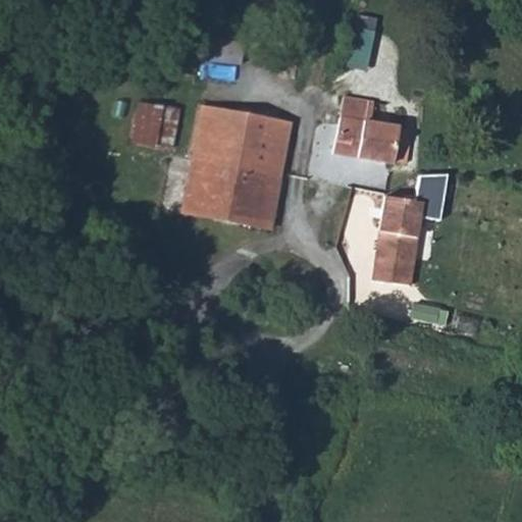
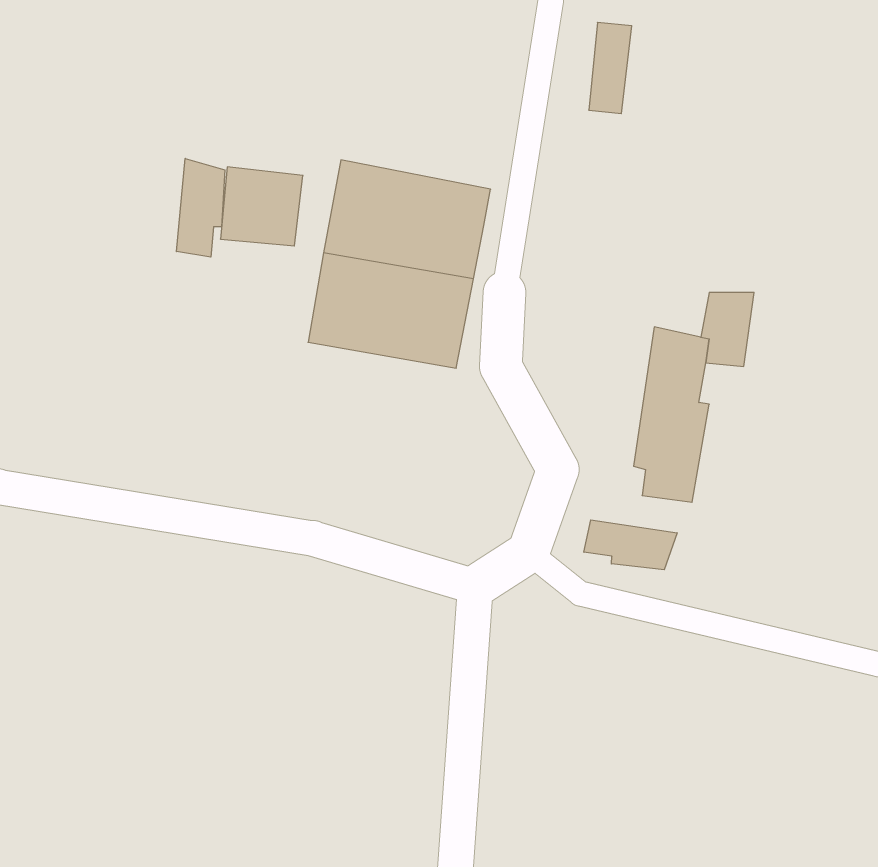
building: [316,94,411,164] -> none
building: none -> [176,158,225,257]
building: none -> [584,520,677,570]

